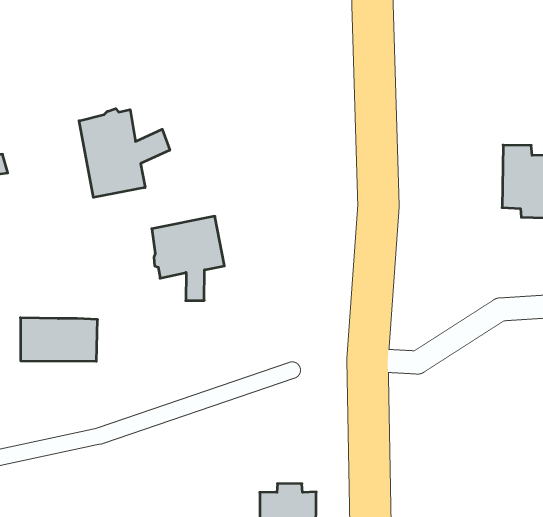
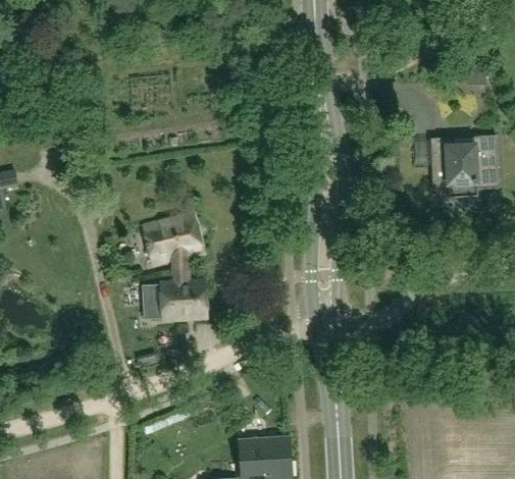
building: [79,109,170,197] -> none
building: [20,318,98,361] -> [142,281,207,319]

